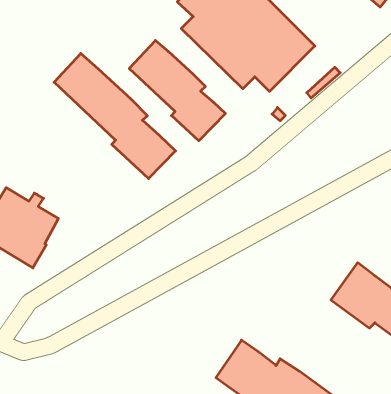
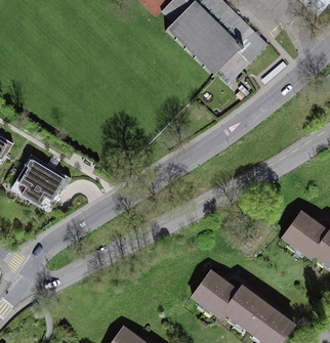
building: [129,40,225,141] -> none
building: [54,53,176,179] -> none

